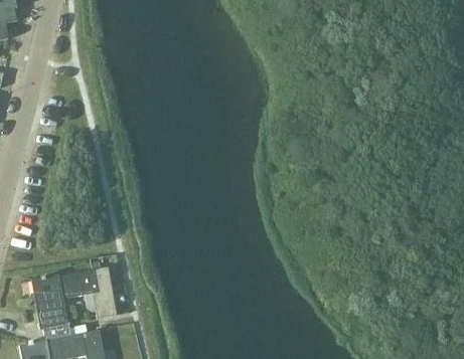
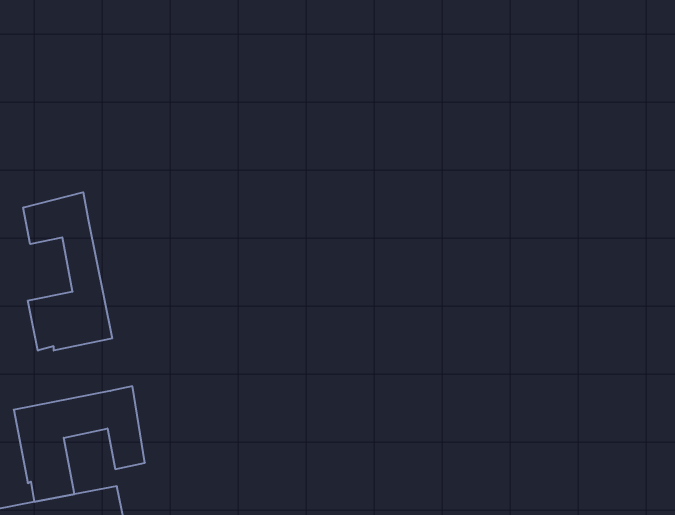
building: none -> [23,192,112,351]

